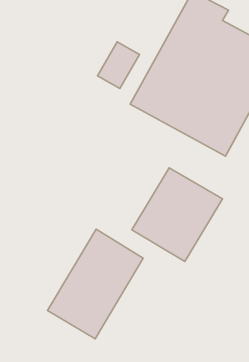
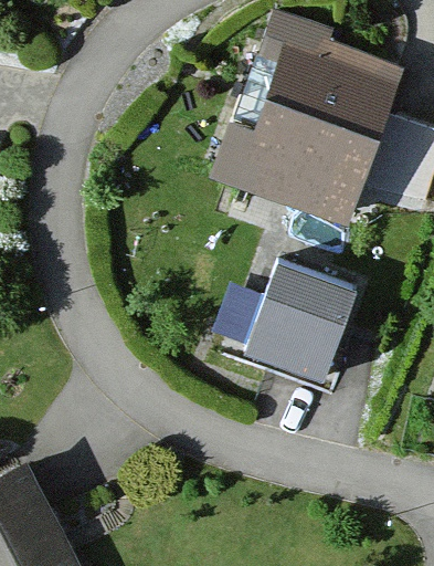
building: [47,229,143,339] -> none

